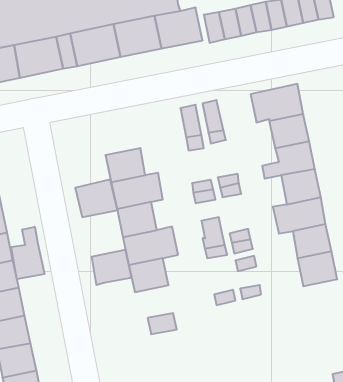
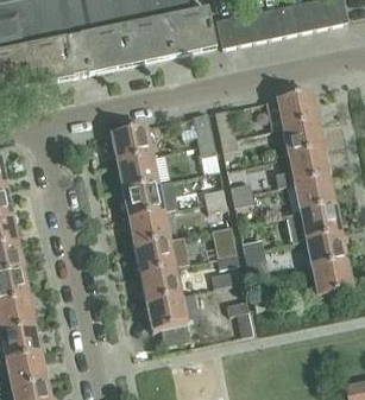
building: [75,180,117,217] -> [108,125,151,163]
building: [11,227,45,279] -> none
building: [92,250,131,285] -> [145,294,185,330]

